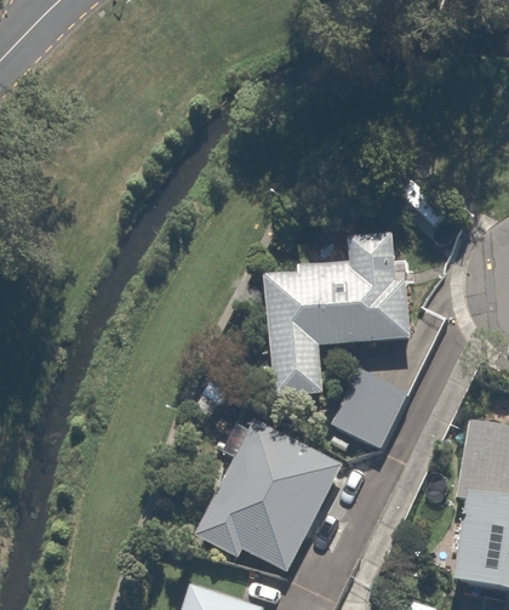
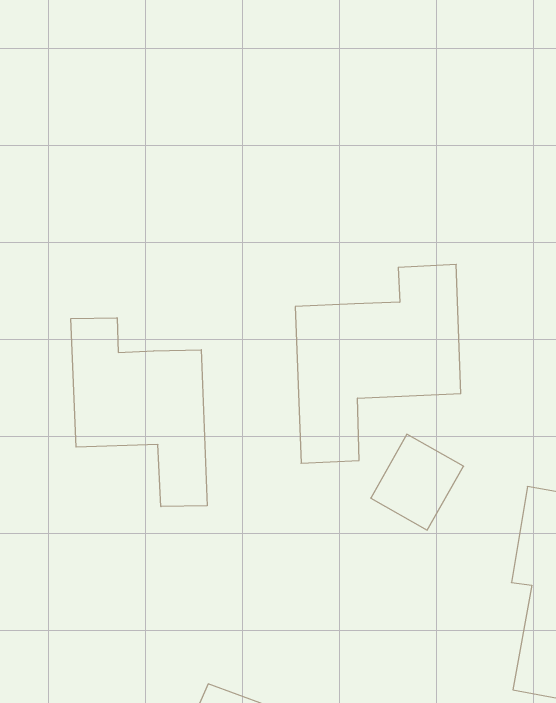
building: none -> [71,318,207,507]
building: [193,417,338,574] -> none

